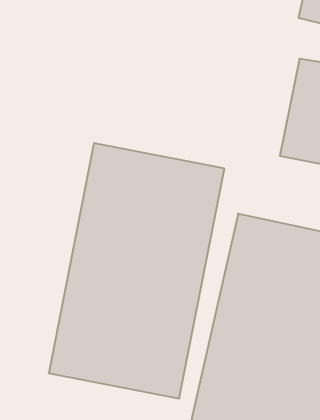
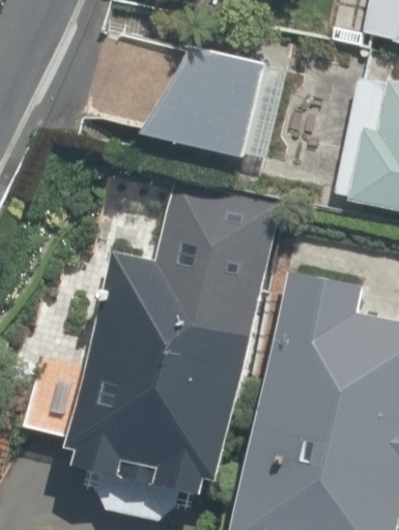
building: none -> [143,43,269,157]

